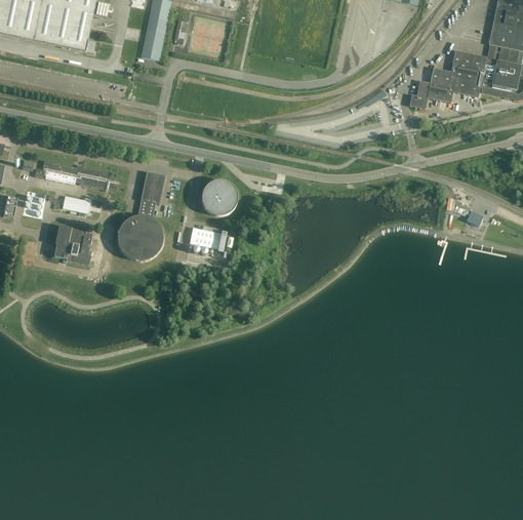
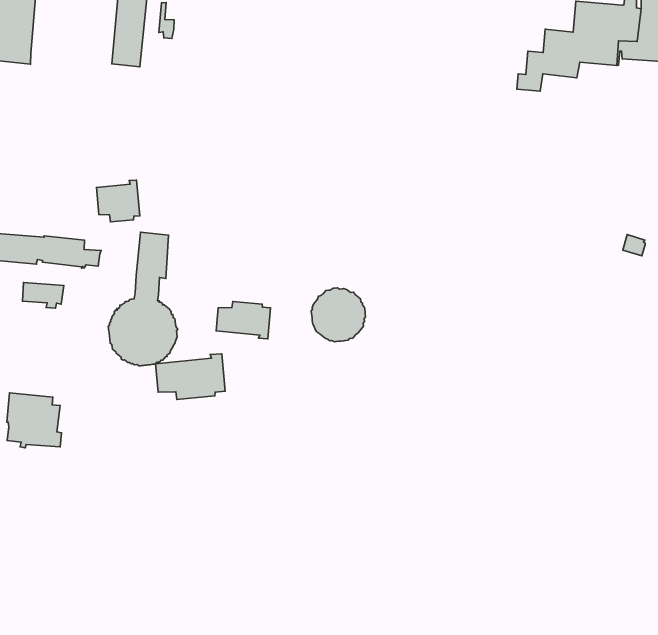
building: none -> [96,180,140,222]
building: [202,178,238,214] -> [311,288,366,342]
building: [54,224,92,264] -> [7,393,62,448]
building: none -> [156,354,225,399]

